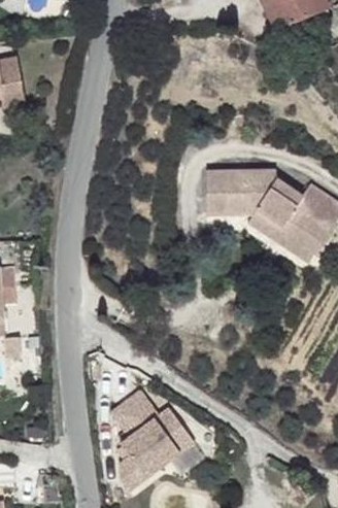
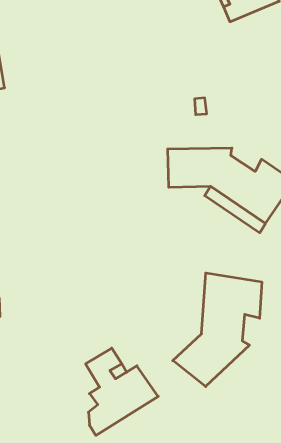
building: none -> [173,273,262,387]

